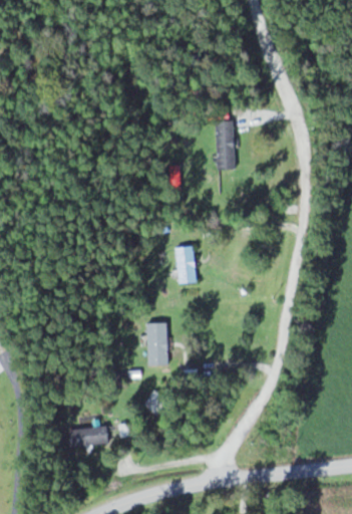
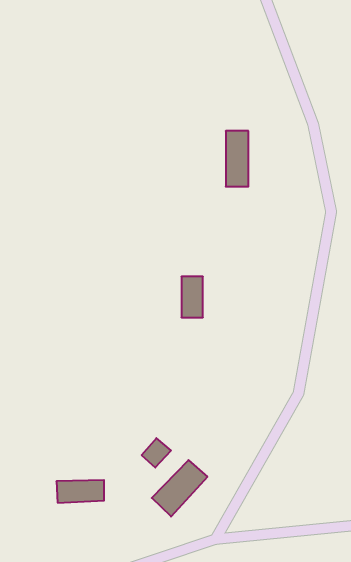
building: [146,323,167,364] -> none
building: none -> [152,460,207,517]

